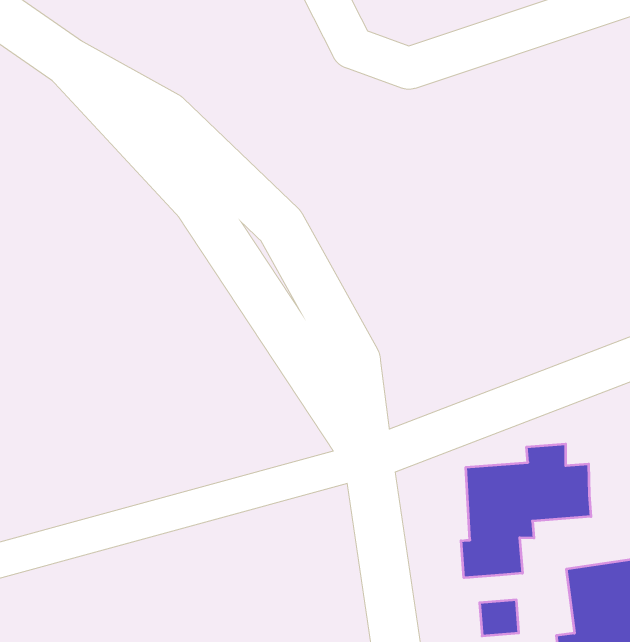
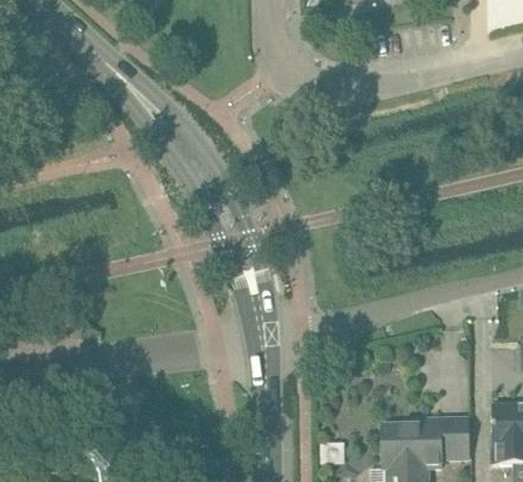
building: [461,444,591,578] -> none

